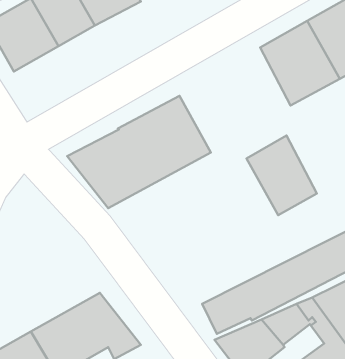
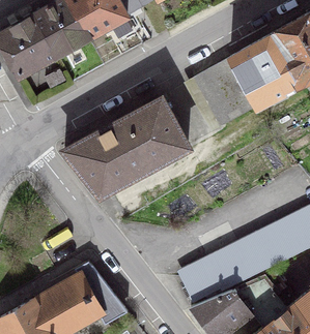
building: [247,135,317,215] -> [196,57,256,125]

